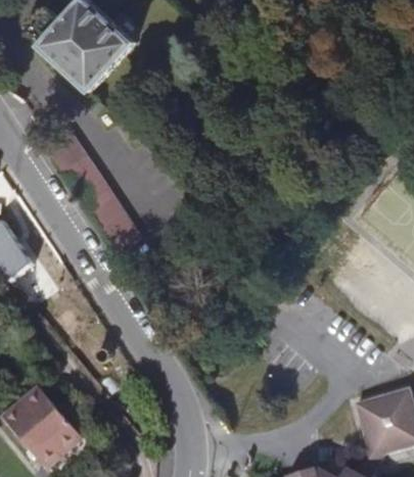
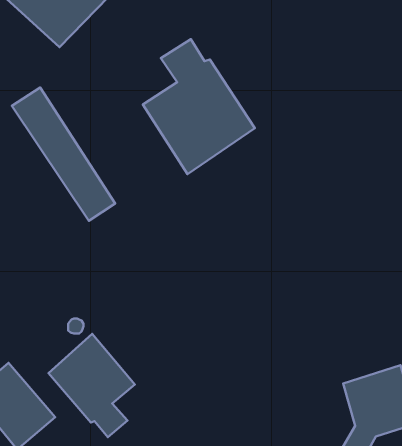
building: none -> [143,39,255,174]
building: none -> [48,334,135,437]

